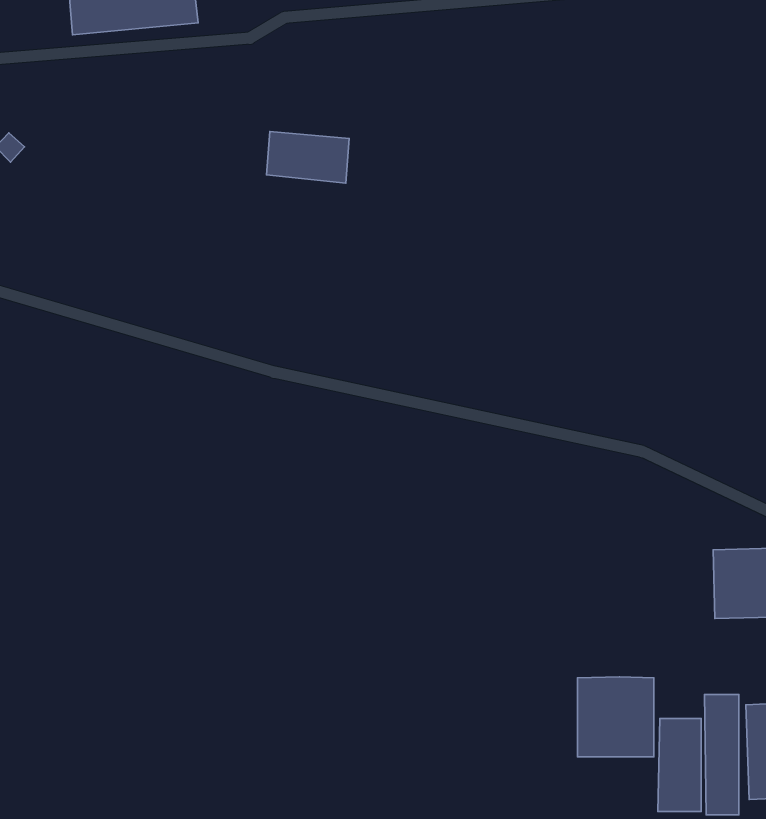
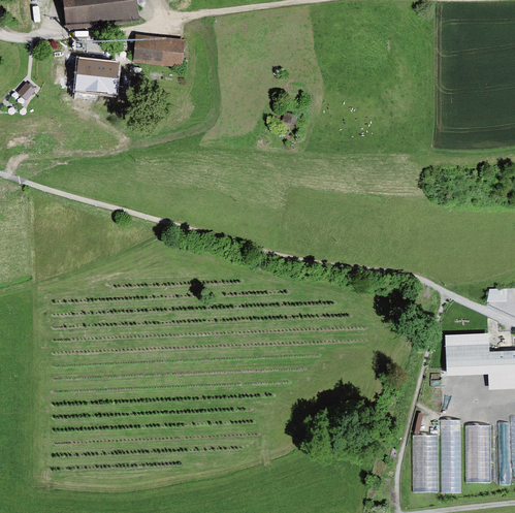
building: none -> [73,57,120,97]
building: [266,132,349,183] -> [131,36,181,67]
building: [577,677,654,757] -> none

